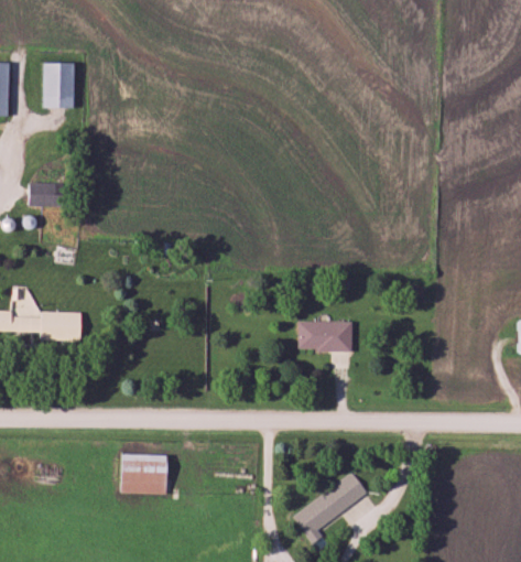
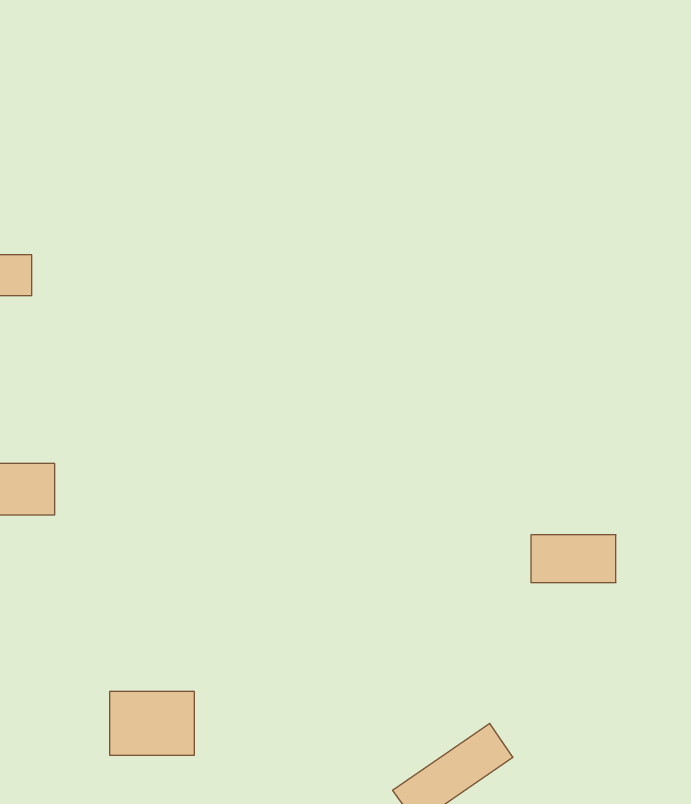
building: [50,62,82,108] -> none
building: [294,321,347,350] -> [531,535,616,583]

